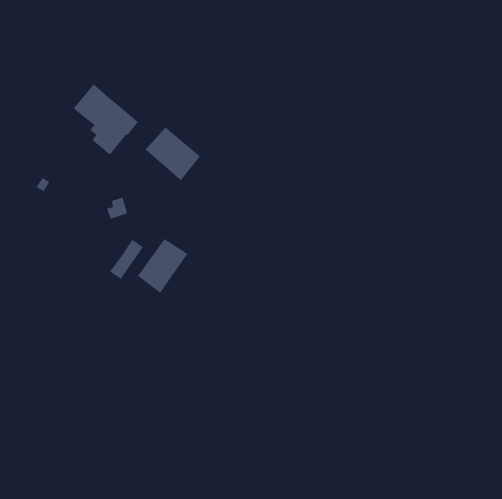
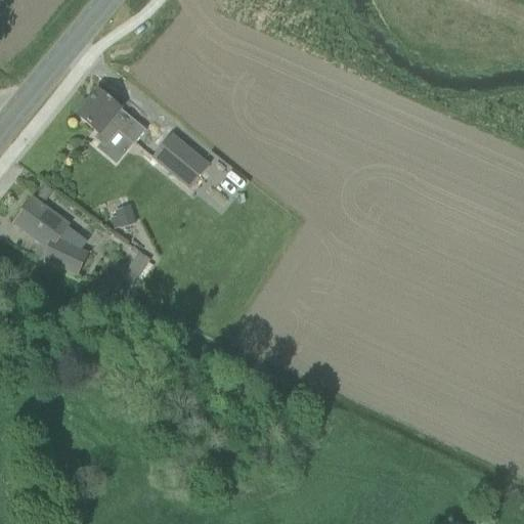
building: none -> [14,196,86,272]
building: [137,238,188,294] -> none

